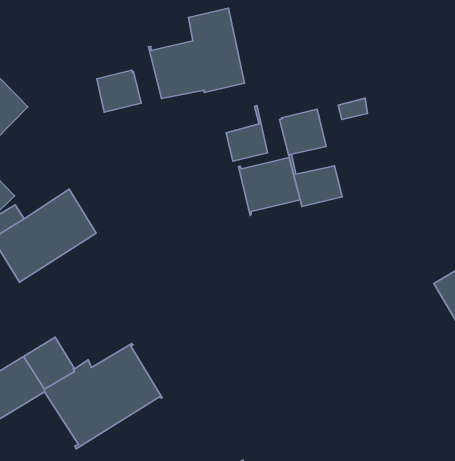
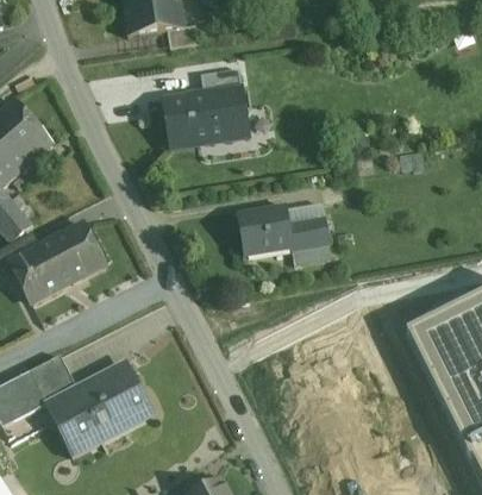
building: [97,70,141,112] -> none
building: [226,106,267,161] -> none
building: [279,109,326,155] -> none

